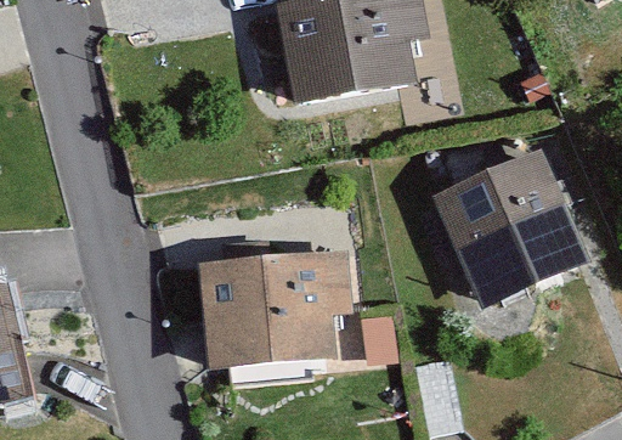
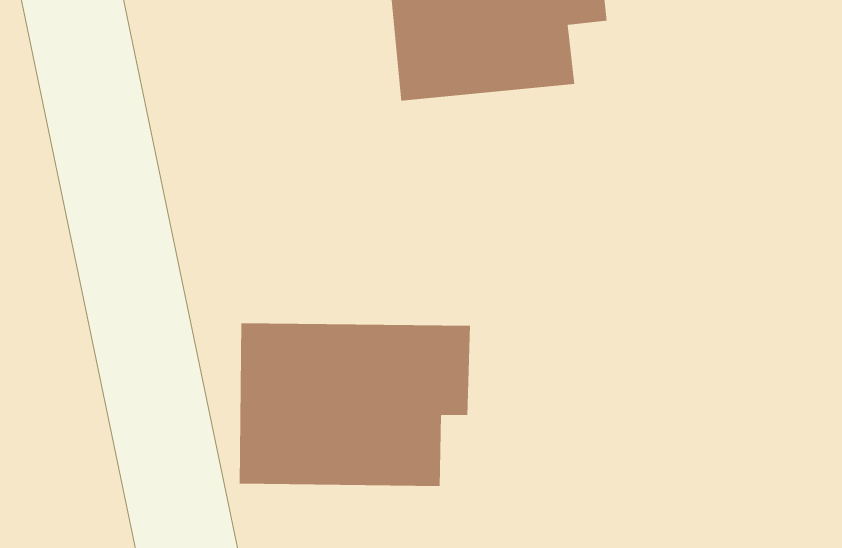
building: [430,154,587,310] -> none

